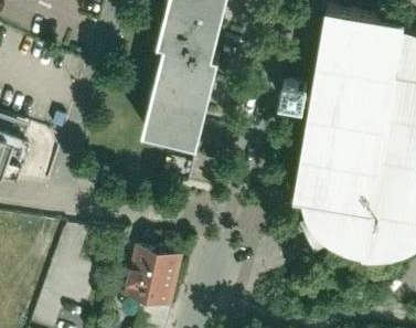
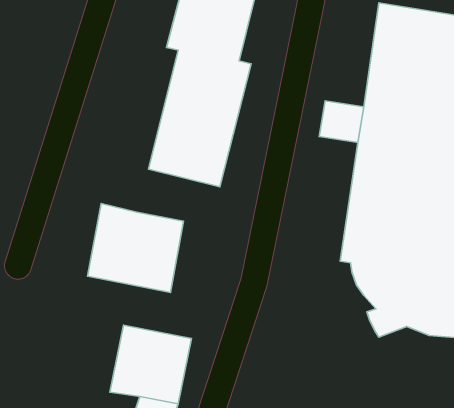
building: none -> [87,204,184,292]

